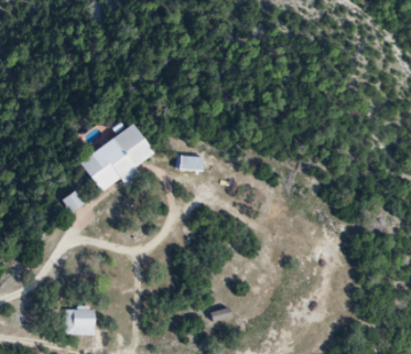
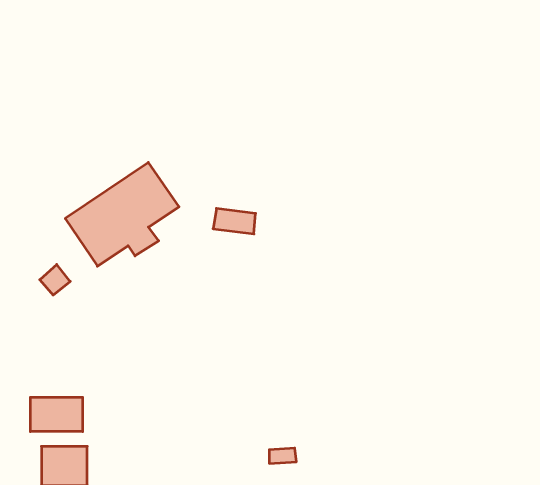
building: none -> [30,397,83,432]

